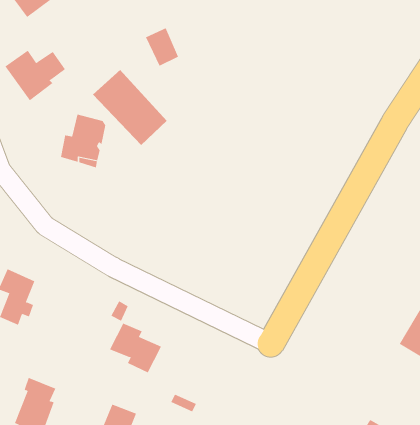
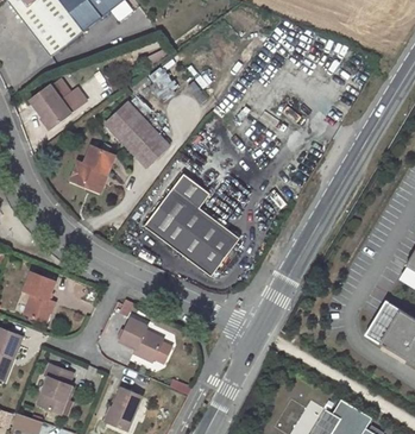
building: none -> [144,174,239,276]

